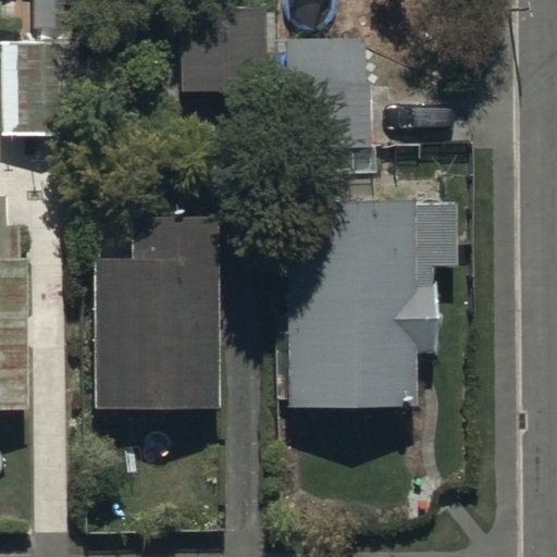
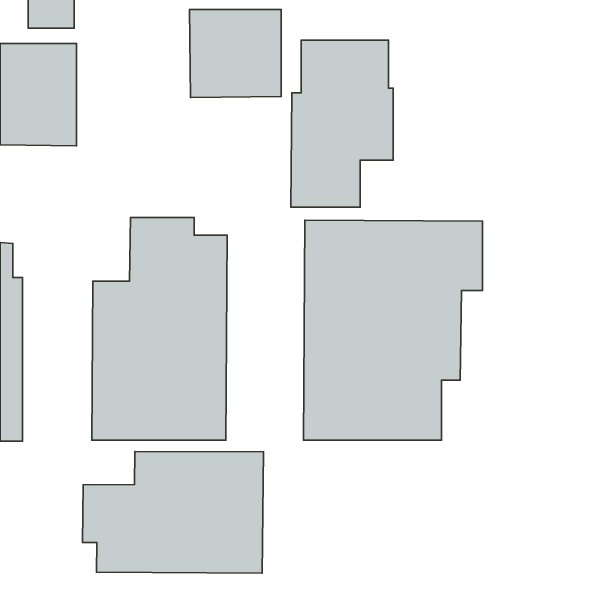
building: none -> [82,451,263,573]

